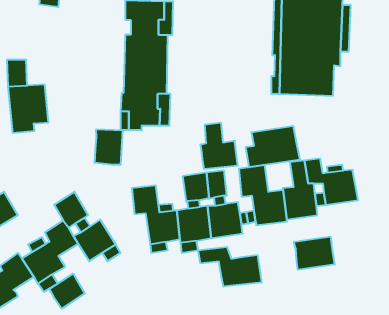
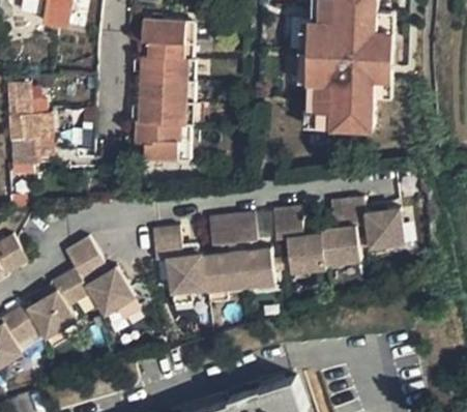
building: [200,123,238,169] -> none
building: [246,126,300,167] -> none
building: [95,129,122,165] -> none
building: [294,237,335,270] -> none
building: [198,247,262,287] -> none
building: [50,274,85,309] -> none

